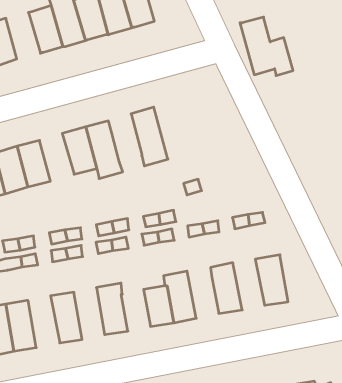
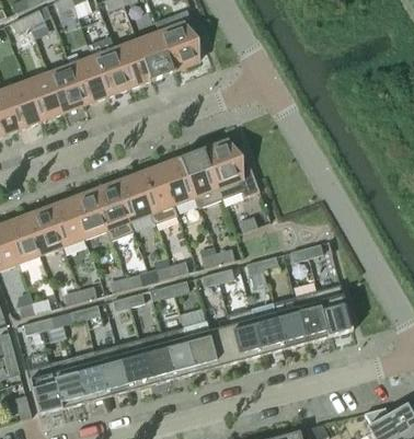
building: none -> [47,66,84,113]
building: [240,17,293,76] -> [202,141,258,199]
building: none -> [158,158,194,206]
building: none -> [91,183,133,241]
building: none -> [294,291,329,343]
building: none -> [249,303,284,355]
building: none -> [184,321,217,373]
building: none -> [138,333,172,385]
building: none -> [93,345,128,397]

